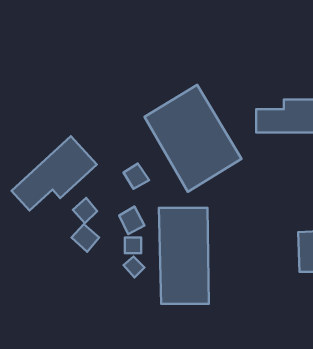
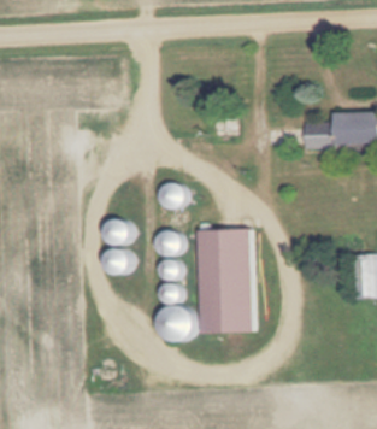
building: [145,85,242,192] -> none
building: [11,136,97,211] -> none
building: none -> [157,304,195,345]

